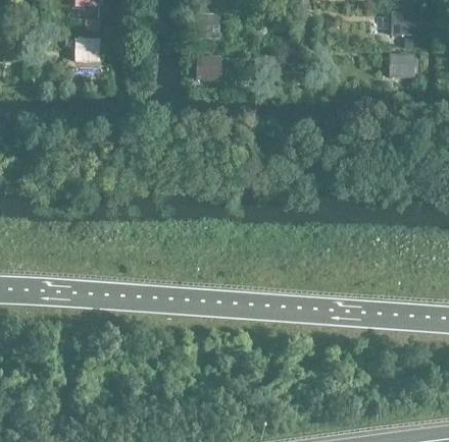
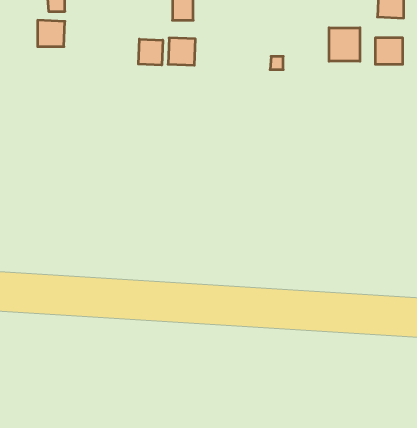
building: none -> [329,28,360,61]
building: none -> [138,39,163,65]

